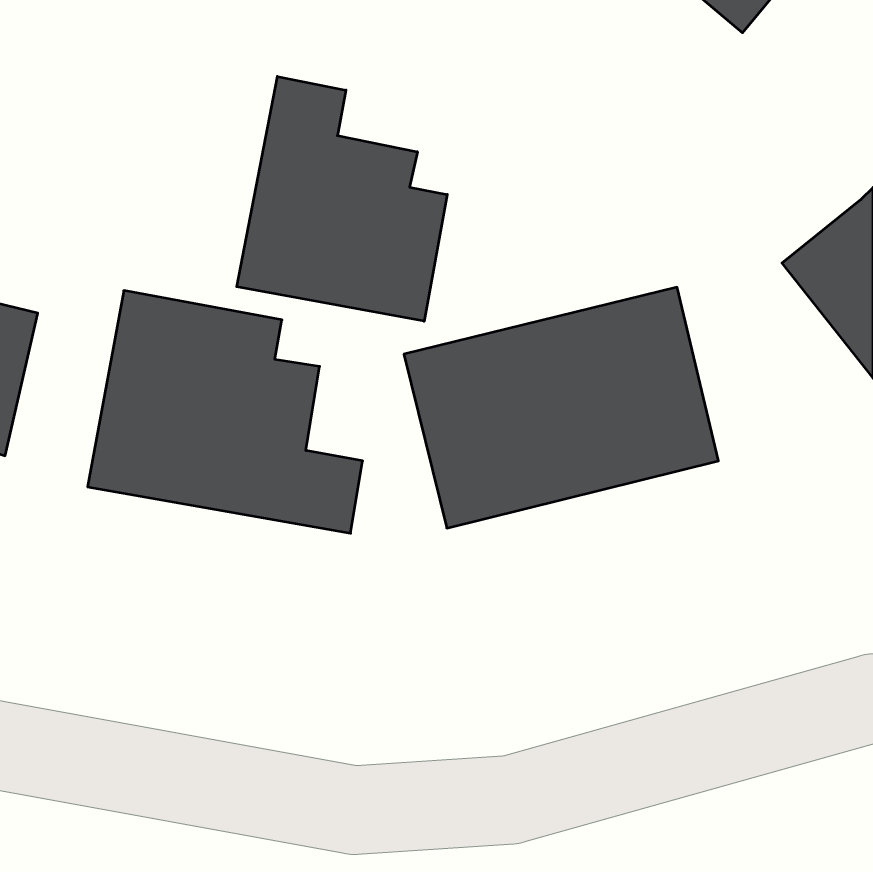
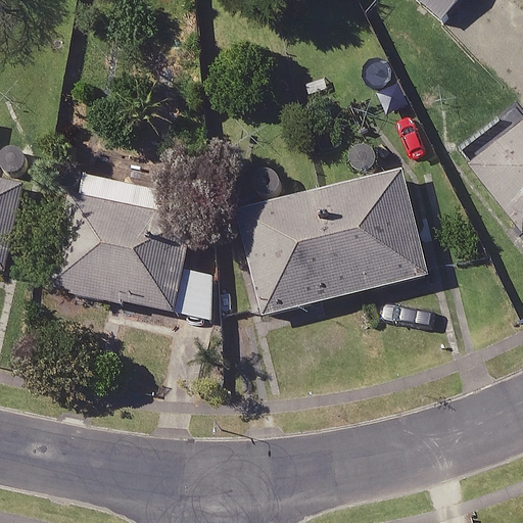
building: [237,76,447,321] -> none

